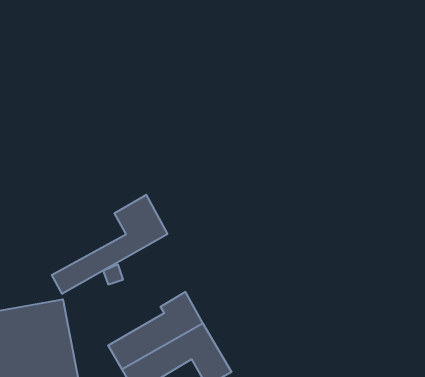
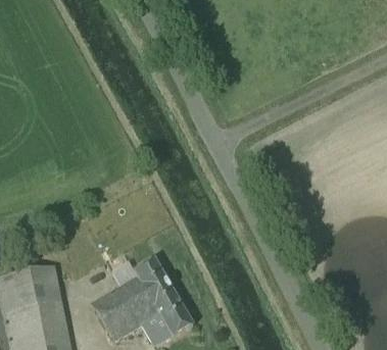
building: [52,195,167,294] -> none

